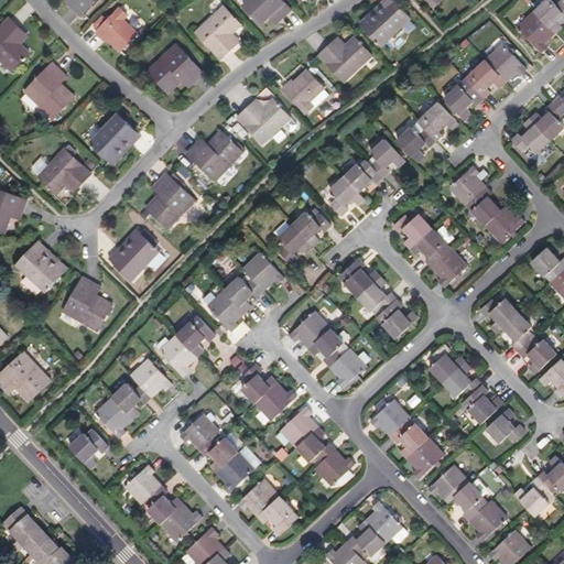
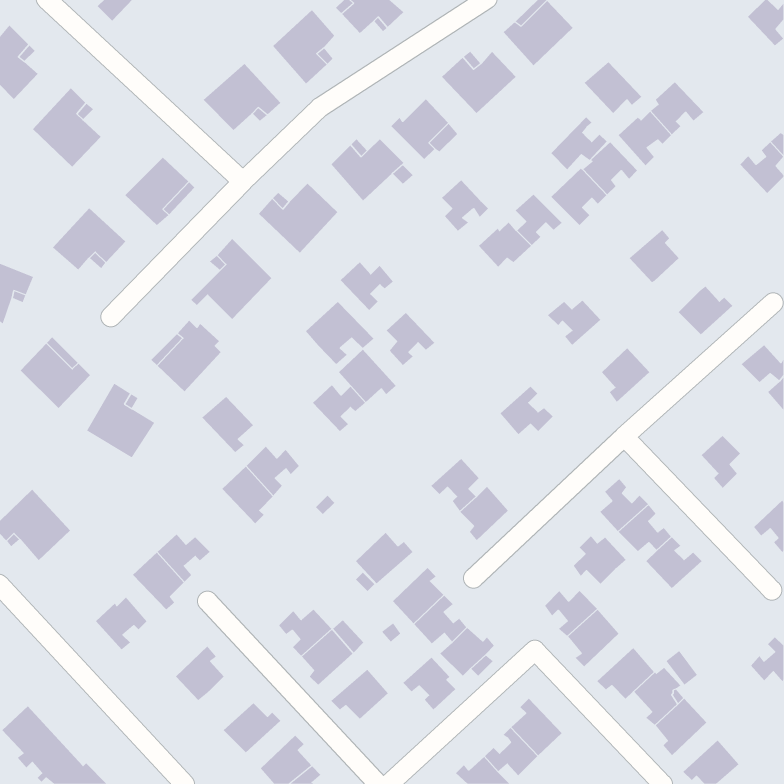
building: [93,7,142,52] -> none
building: [518,12,555,54] -> none
building: [484,43,525,80] -> [584,61,642,114]
building: none -> [550,116,607,170]
building: [511,118,550,152] -> none
building: [328,176,362,214] -> [441,179,489,232]
building: [469,185,501,224] -> none
building: [291,210,329,246] -> [340,262,394,311]
building: none -> [305,301,374,365]
building: [410,229,449,267] -> none
building: [340,258,380,296] -> none
building: [206,289,243,329] -> [201,396,254,453]
building: [479,296,518,332] -> none
building: [382,299,417,337] -> none
building: [289,311,330,348] -> none
building: [518,338,556,372] -> none
building: [131,358,172,395] -> none
building: [240,362,276,402] -> none
building: [370,399,409,434] -> [573,535,627,584]
building: [486,408,525,442] -> none
building: [178,412,219,448] -> none
building: [514,477,549,514] -> none
building: [147,485,182,523] -> none
building: [258,497,296,535] -> [402,657,456,711]

